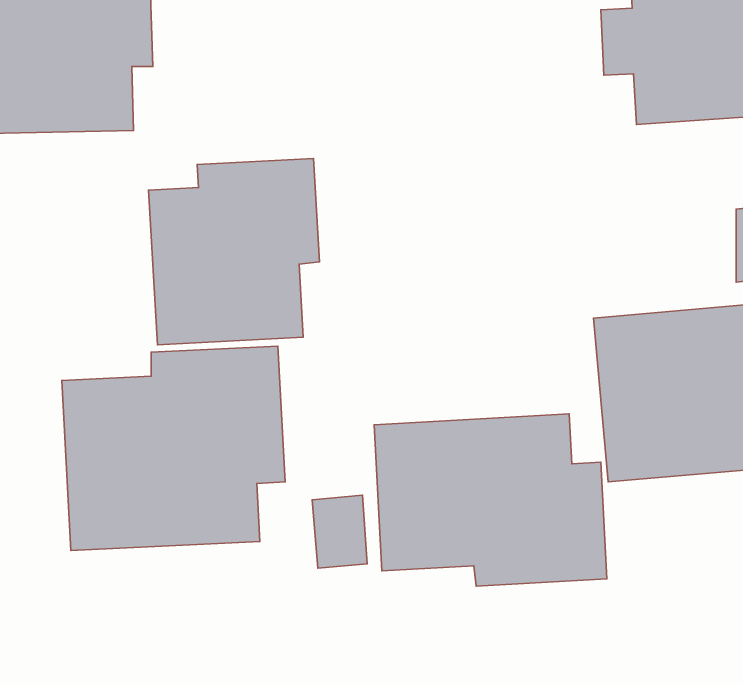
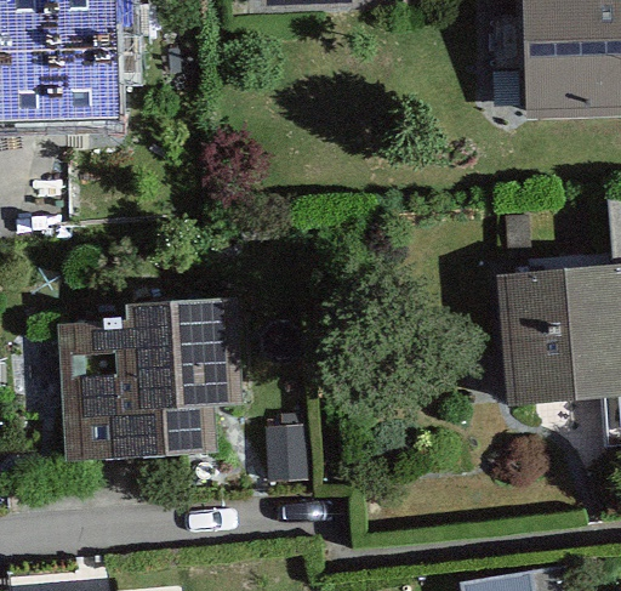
building: [149,159,320,345] -> none
building: [374,414,607,586] -> none

